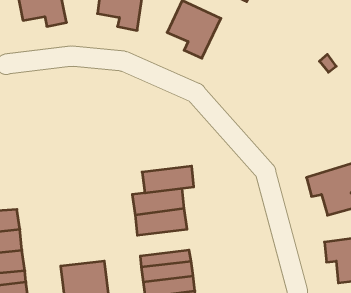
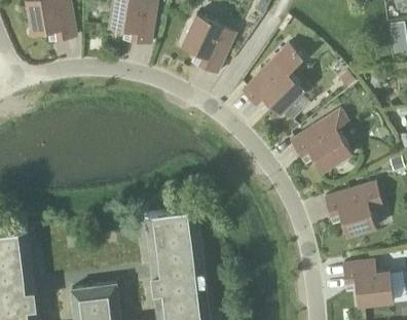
building: none -> [242,43,304,114]
building: none -> [290,108,351,172]
building: [142,166,194,193] -> [150,250,203,278]

